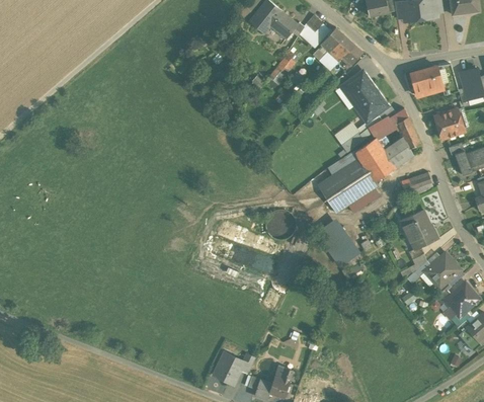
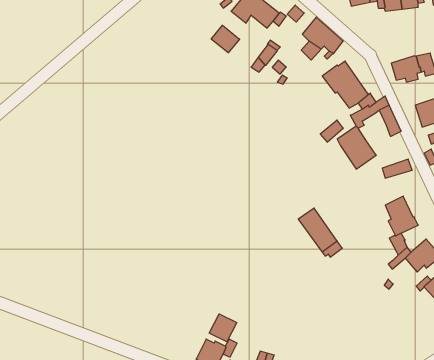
building: none -> [211,25,240,53]
building: [384,137,413,167] -> none
building: [317,157,378,213] -> none
building: [265,210,296,240] -> none
building: none -> [209,314,237,342]

